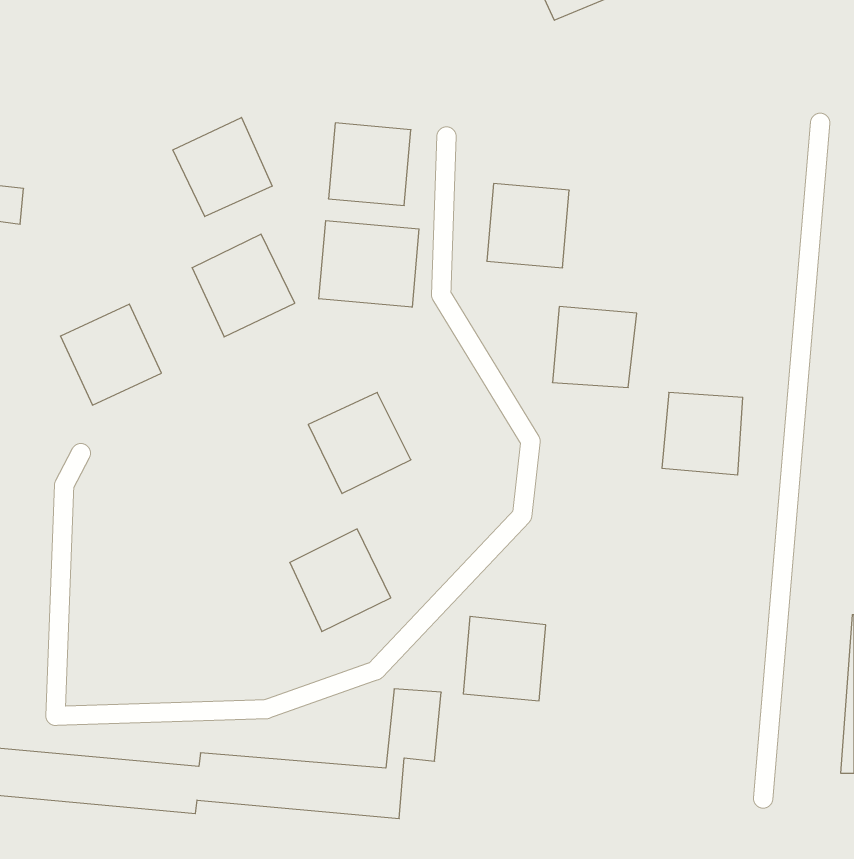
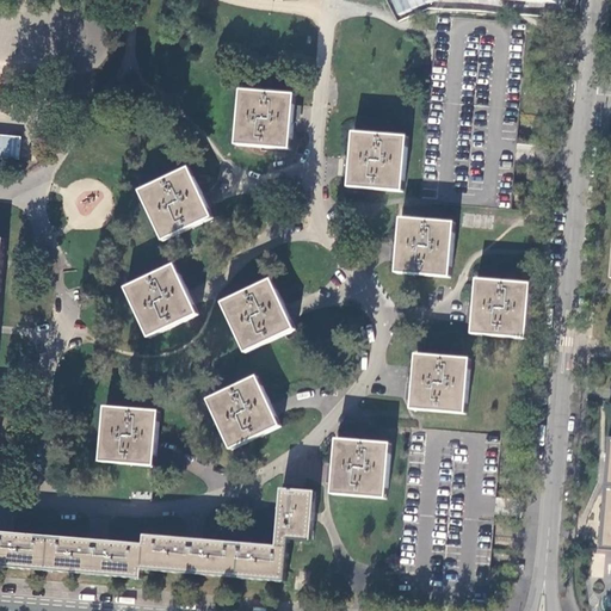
building: [173,117,272,217] -> none
building: [319,221,419,307] -> none
building: [60,304,161,405] -> [122,264,193,335]
building: none -> [407,352,467,411]
building: none -> [98,405,156,464]

